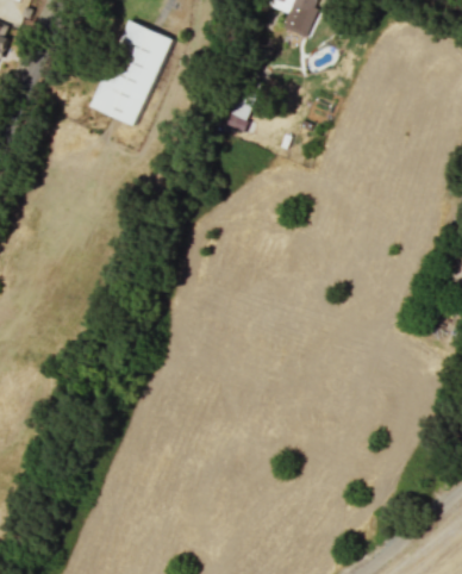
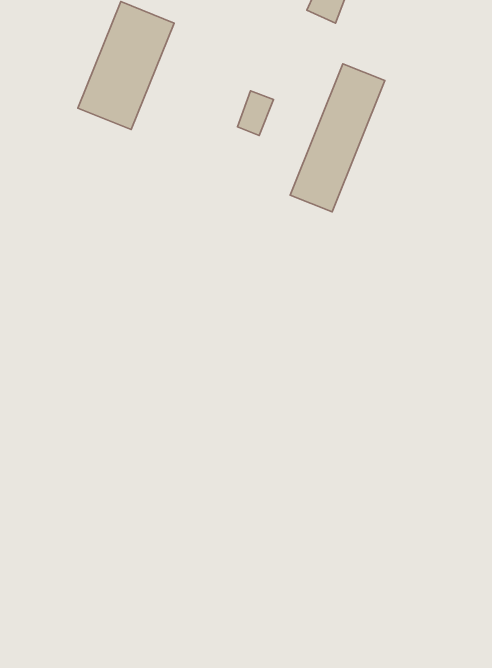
building: none -> [290,64,385,212]

